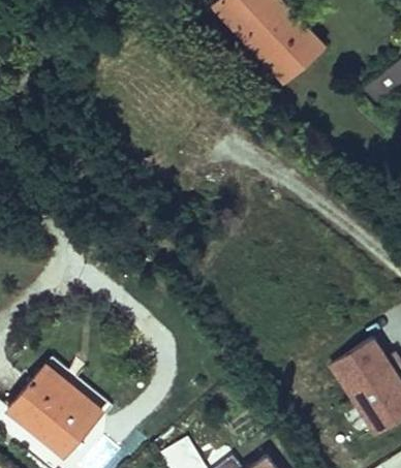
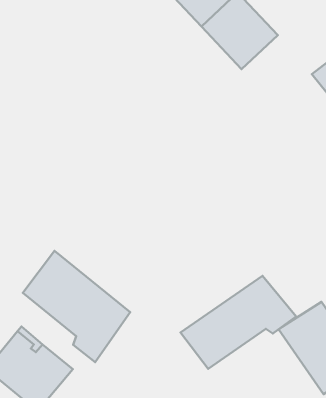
building: none -> [23,251,130,362]
building: none -> [180,276,296,369]

